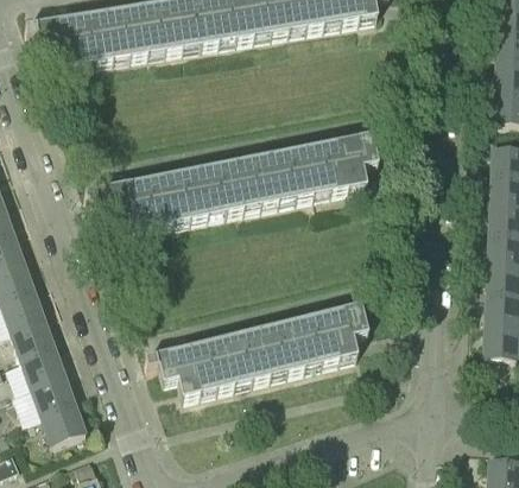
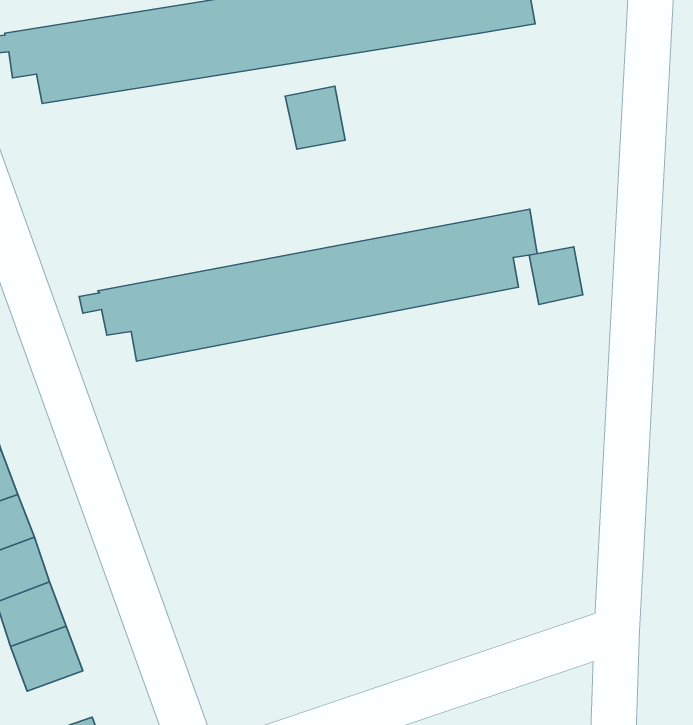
building: none -> [285,86,345,149]
building: none -> [529,247,583,305]
building: [144,305,367,398] -> none

